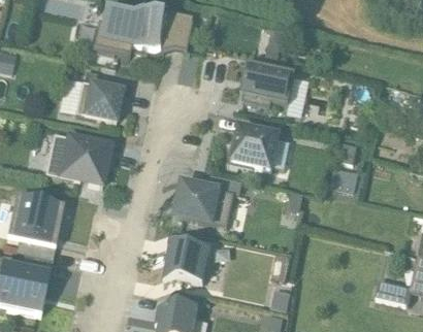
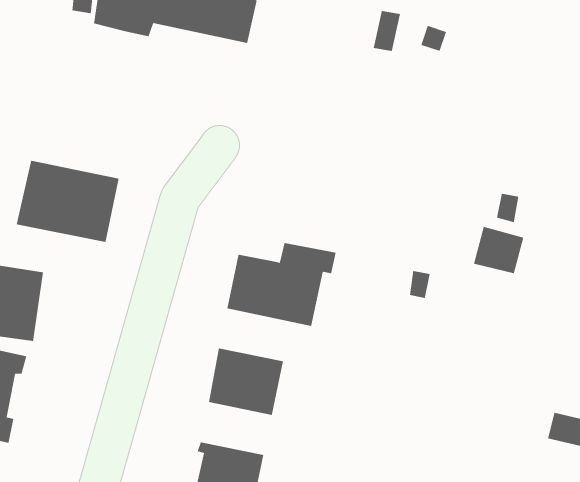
building: [75,61,122,112] -> none
building: [243,66,299,109] -> none
building: [229,130,292,176] -> none

